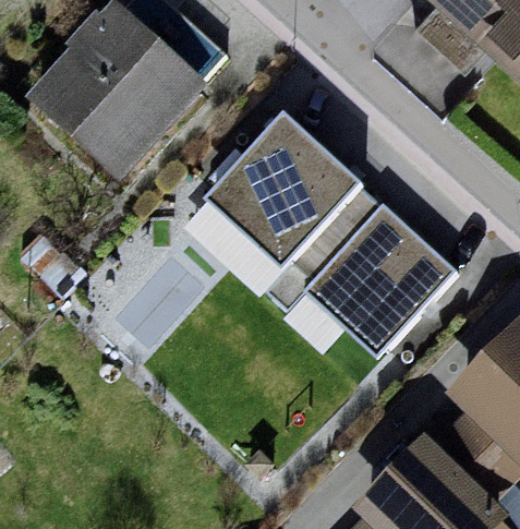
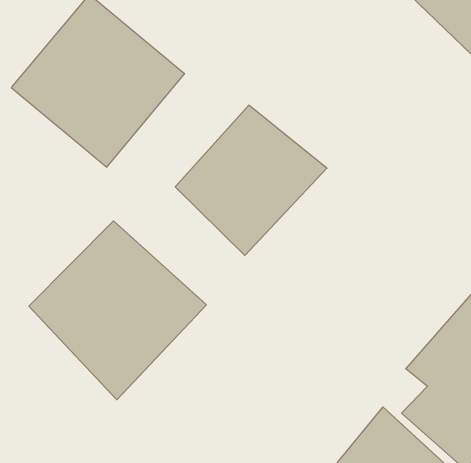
building: [309,205,456,358] -> none
building: none -> [29,221,206,400]

